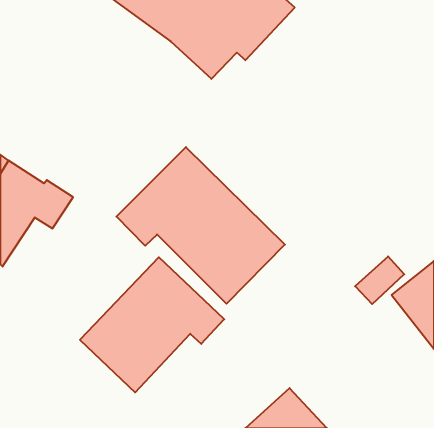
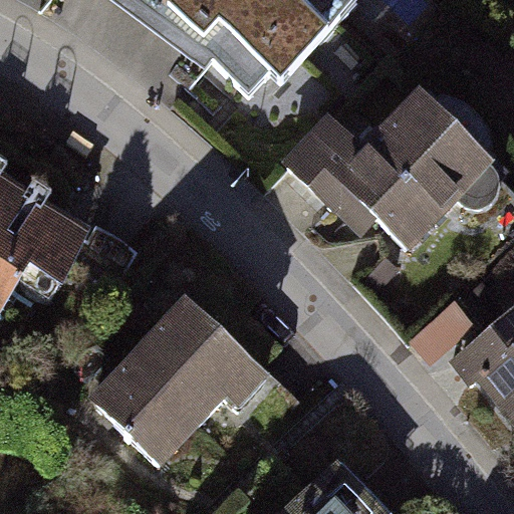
building: none -> [288,89,496,245]
building: [116,147,285,304] -> none

